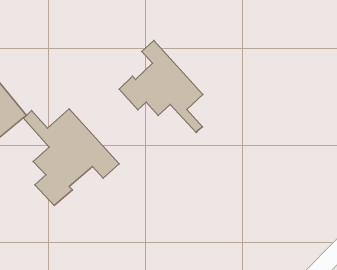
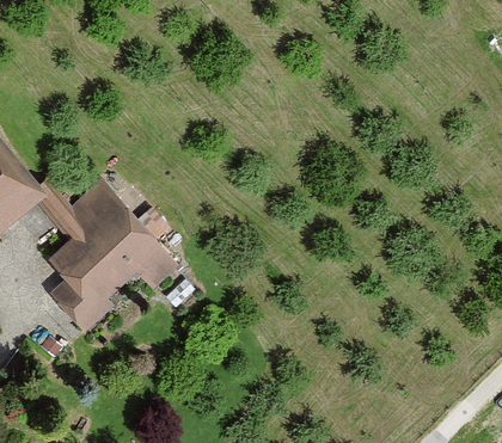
building: [119,40,203,133] -> none

